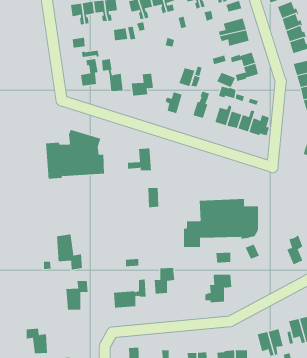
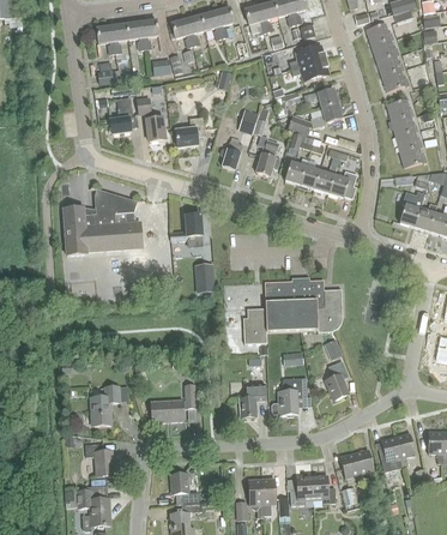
building: [57,233,83,270] -> none
building: [287,235,303,265] -> [326,360,348,399]
building: [154,267,175,294] -> [238,383,266,417]
building: [26,328,48,354] -> [85,443,114,476]

